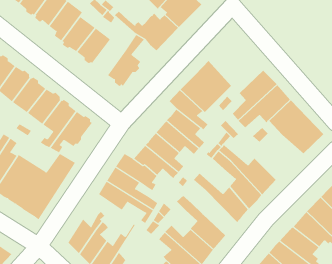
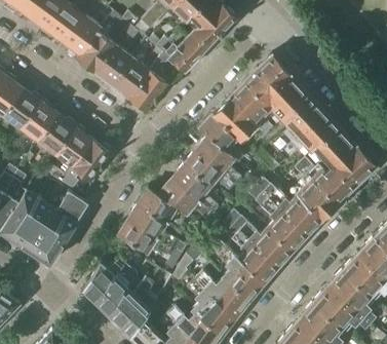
building: none -> [244,54,307,119]
building: none -> [111,58,149,99]
building: none -> [296,167,353,219]
building: none -> [220,219,277,282]

